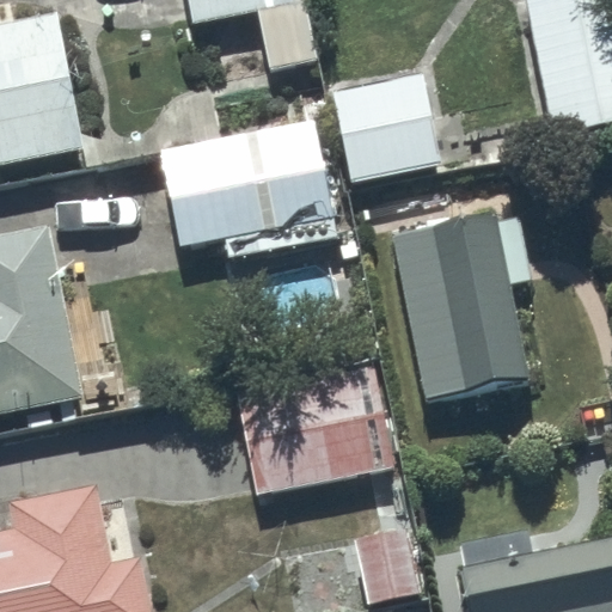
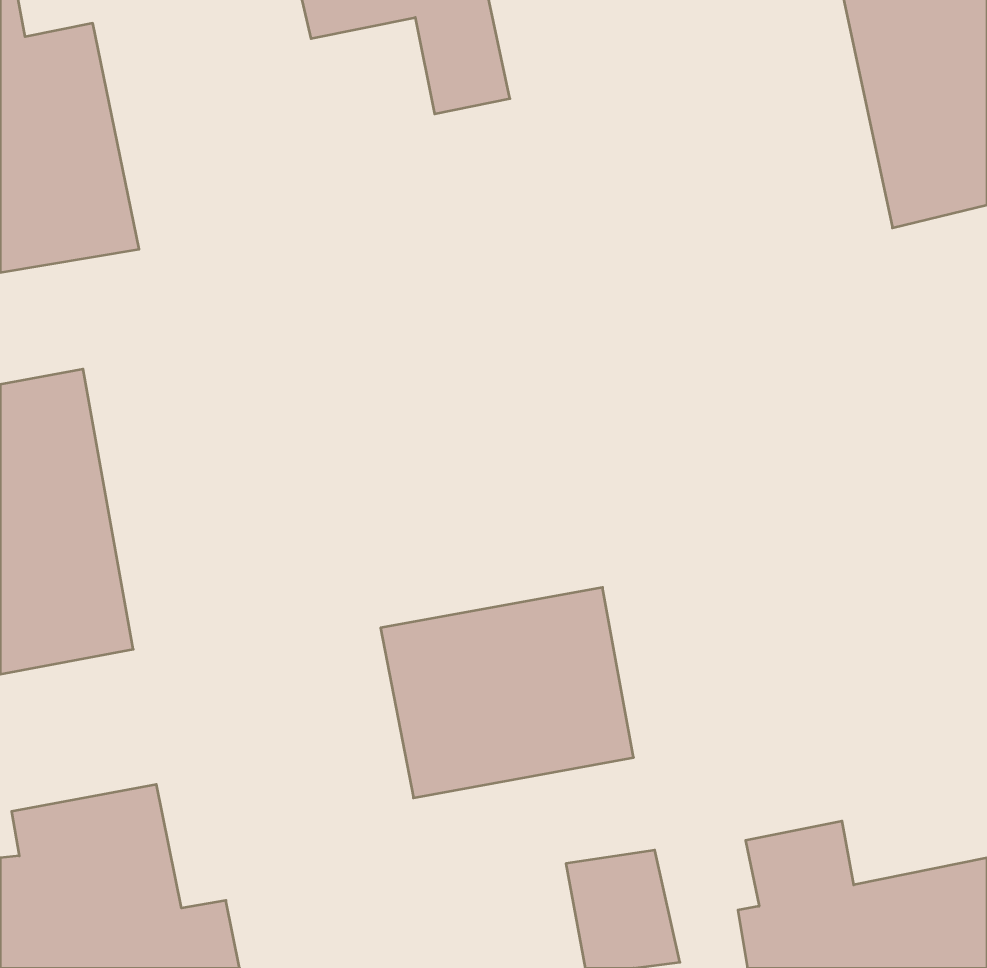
building: [328,74,443,186] -> none
building: [167,124,342,259] -> none
building: [390,208,530,399] -> none

